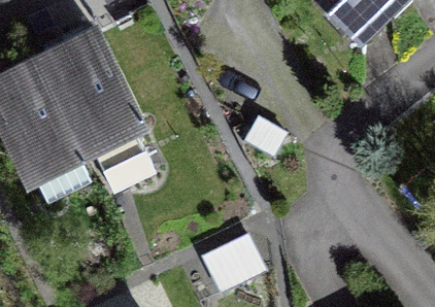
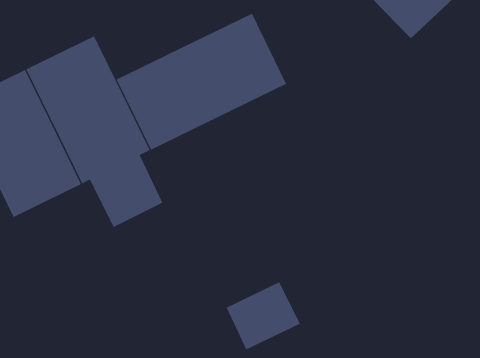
building: none -> [116,13,287,151]

